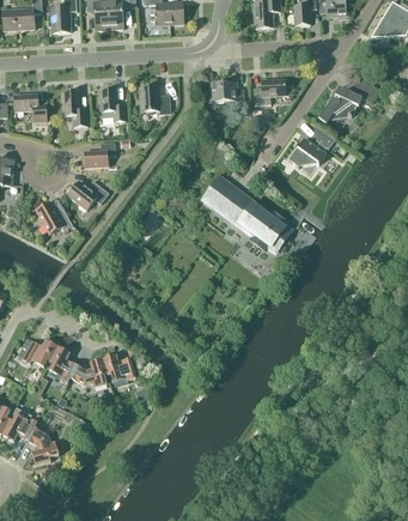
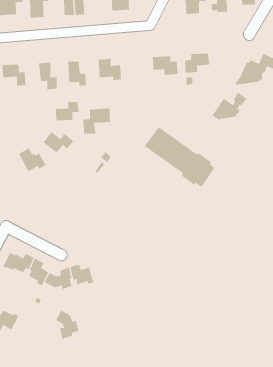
building: none -> [83,108,111,134]
building: [28,428,59,466] -> [55,310,79,339]

